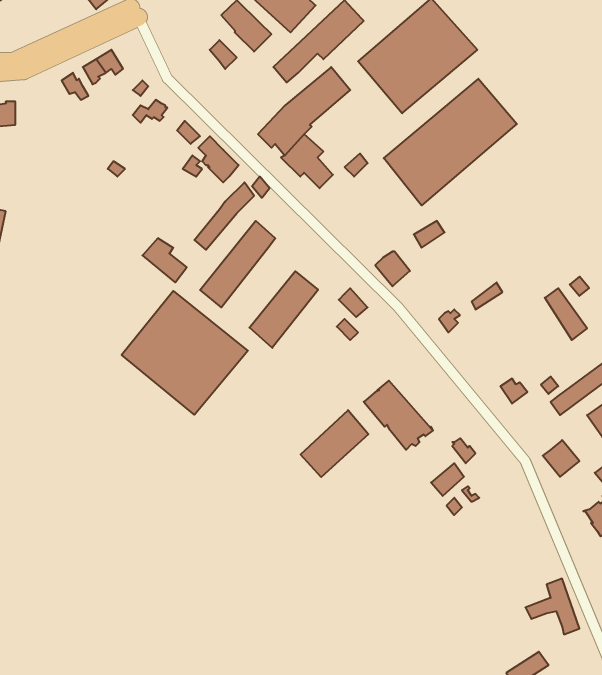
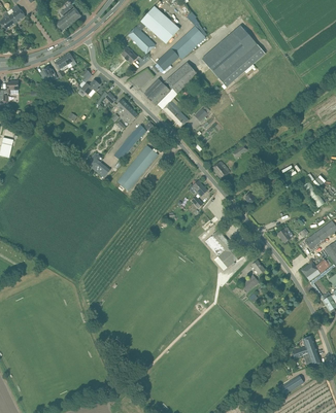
building: [384,79,517,205] -> none
building: [249,271,318,348] -> none
building: [122,291,248,415] -> none
building: [301,410,368,477] -> none

